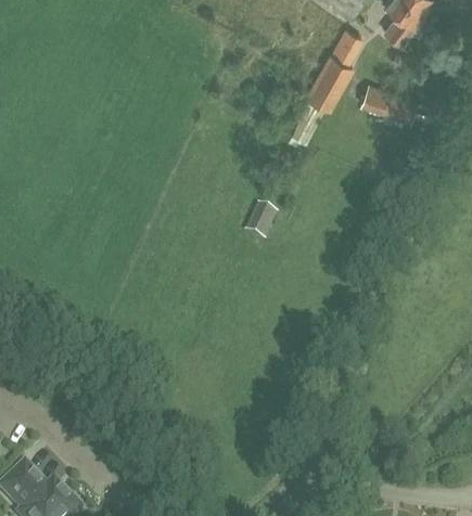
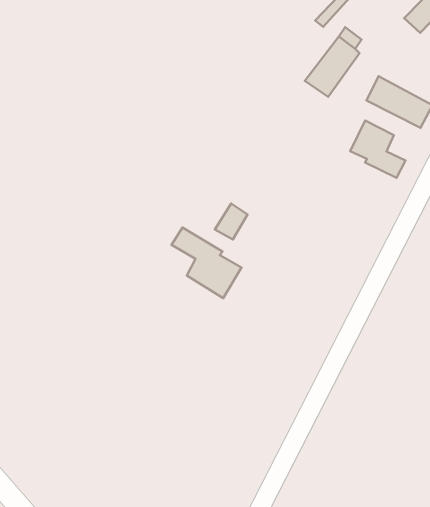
building: none -> [350,120,405,178]
building: none -> [172,227,241,298]

